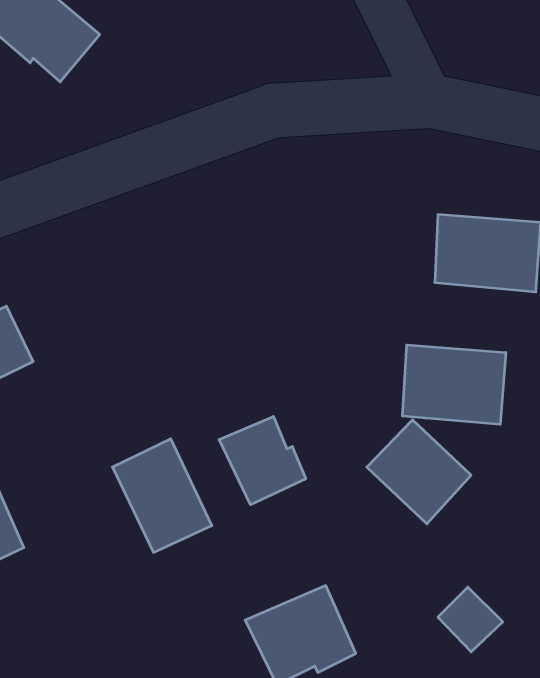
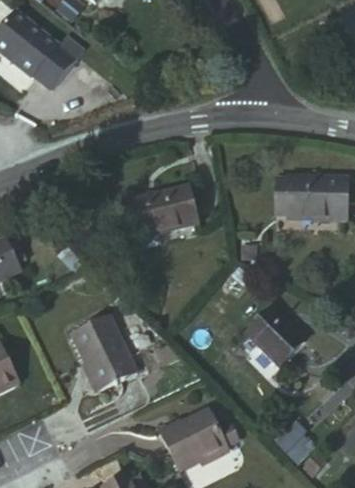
building: none -> [131,181,190,231]
building: [402,345,506,424] -> none
building: [219,416,306,505] -> none

